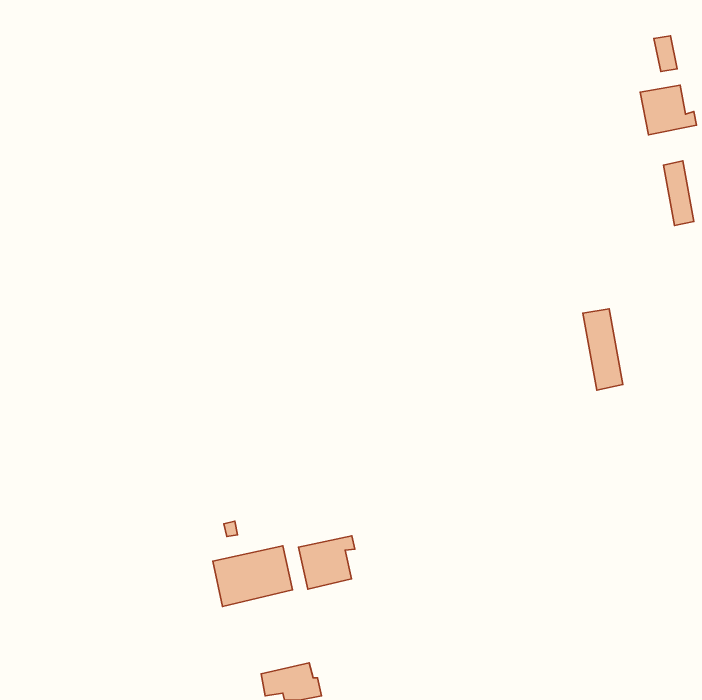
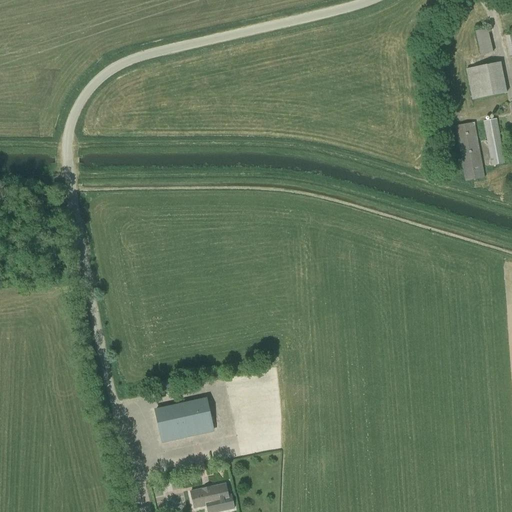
building: [583,309,623,390] -> [455,121,484,180]
building: [298,536,355,589] -> none

